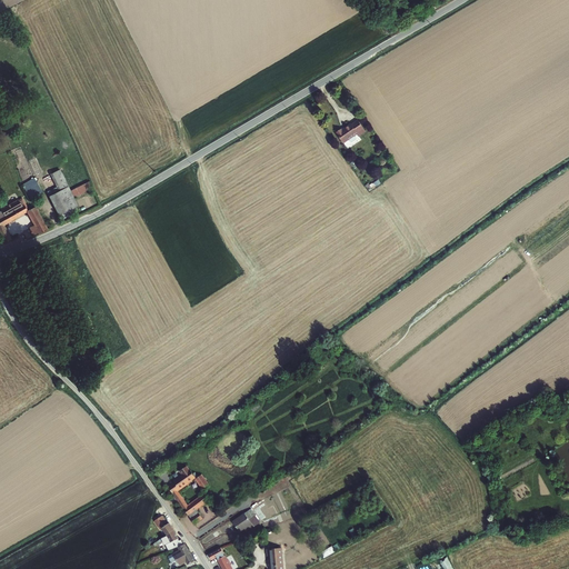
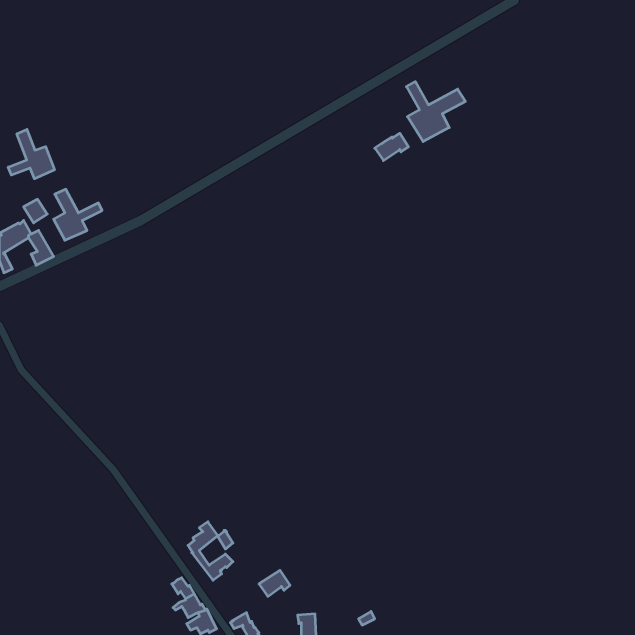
building: none -> [406,82,465,142]
building: none -> [8,129,54,179]

